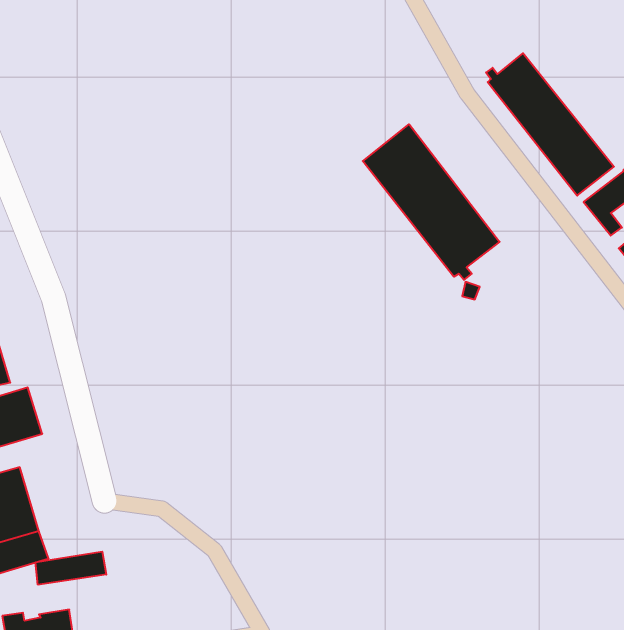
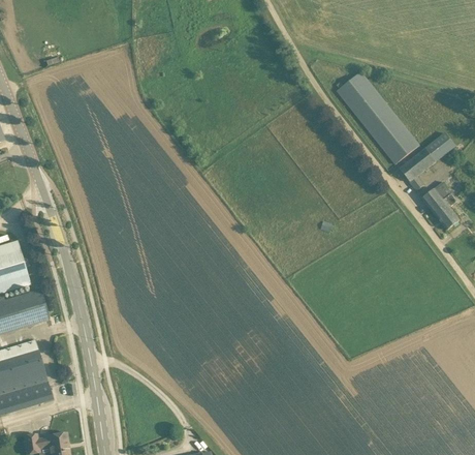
building: [363,124,500,280] -> none
building: [36,552,106,585] -> none

